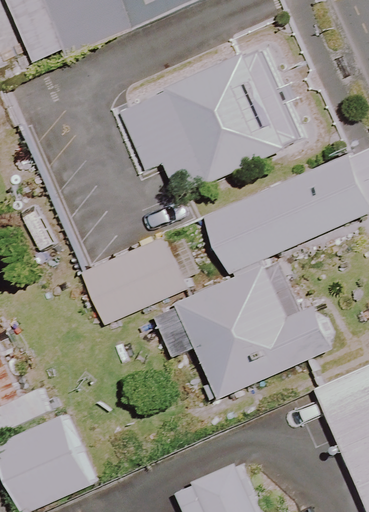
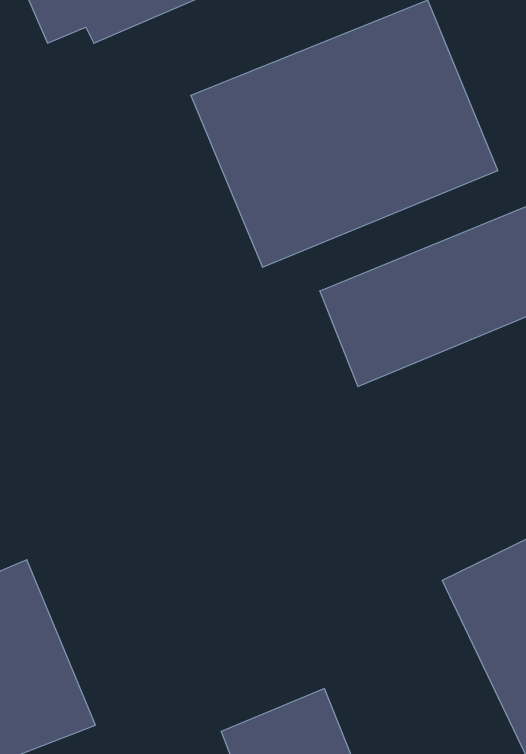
building: [71,232,173,319] -> none
building: [199,254,340,390] -> none

